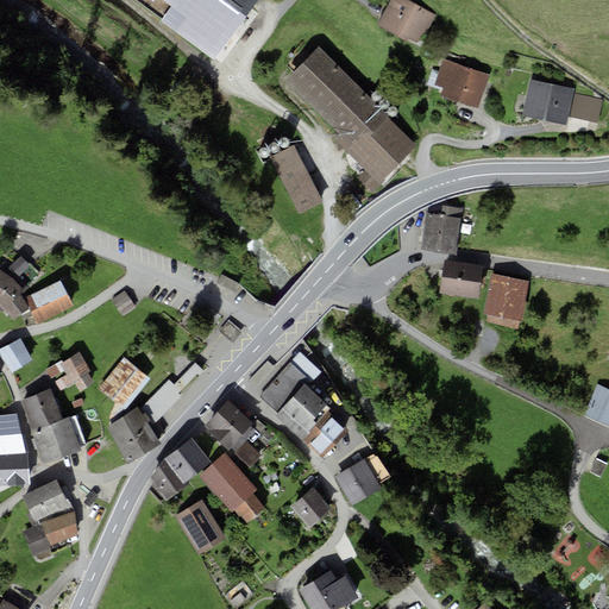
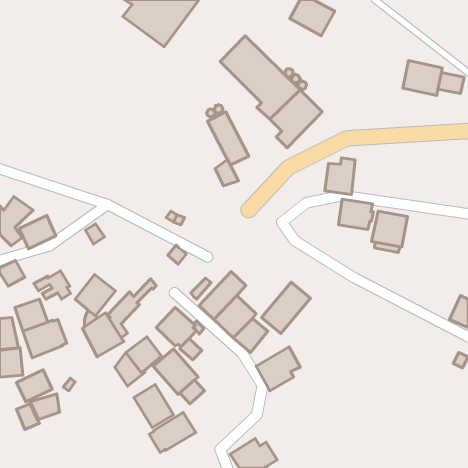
building: [433,57,489,108] -> none
building: none -> [215,160,238,186]
building: none -> [261,282,311,334]
building: [290,486,331,527] -> none
building: none -> [149,413,196,453]

